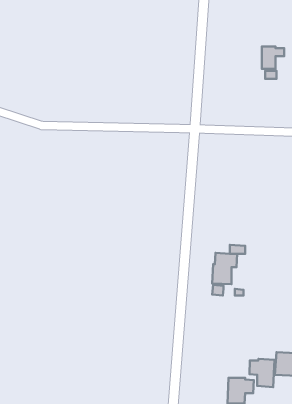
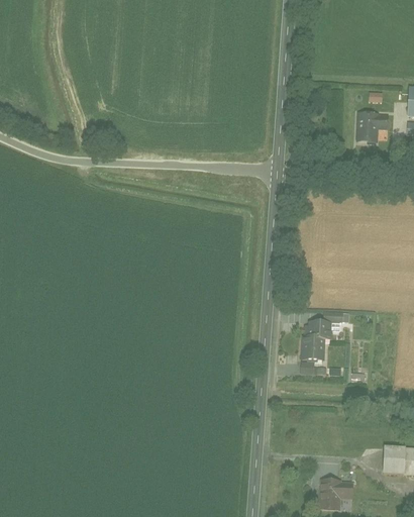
building: [262,46,284,69] -> [358,112,387,140]
building: [250,359,275,387] -> none

